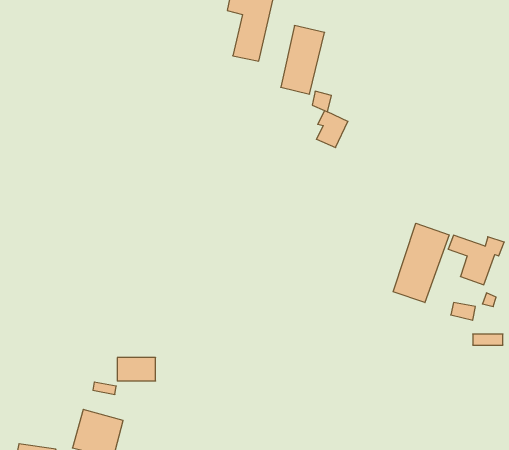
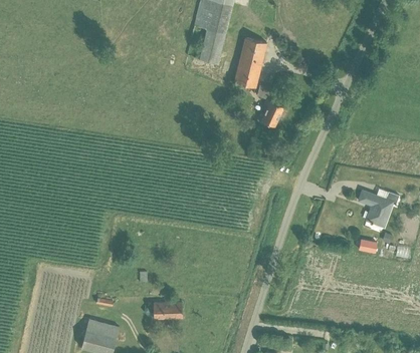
building: [393,223,449,303] -> none
building: [117,358,156,381] -> [154,302,182,319]

